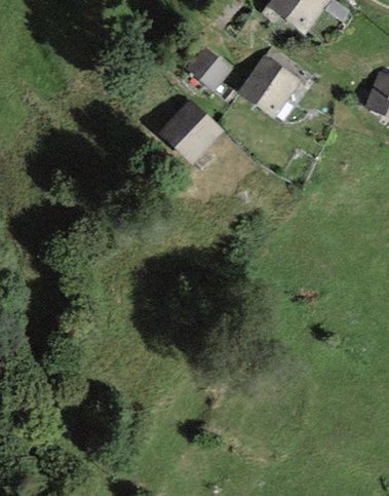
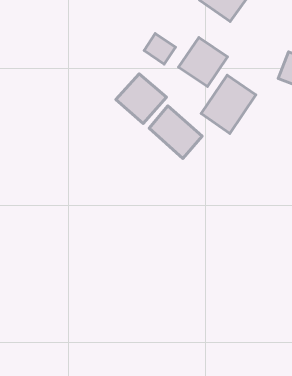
building: none -> [201,75,256,133]
building: none -> [149,106,202,158]

